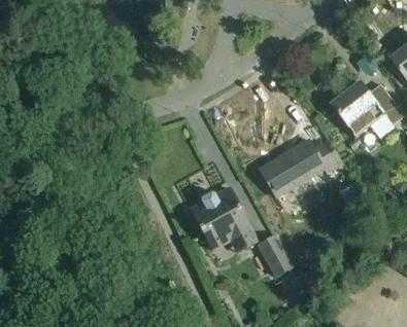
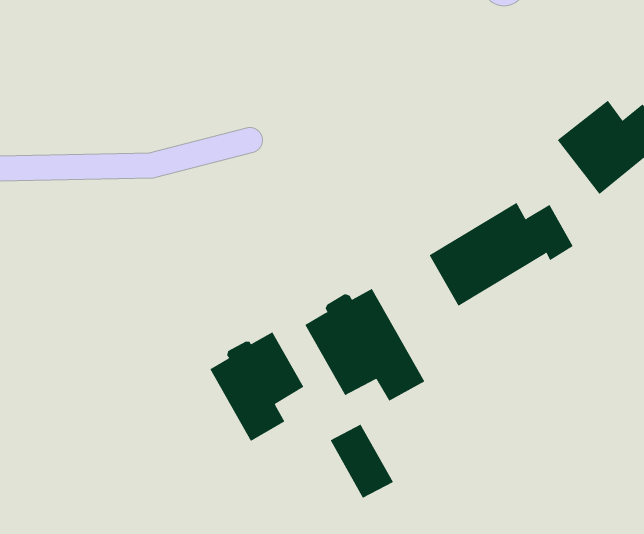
building: none -> [209,332,304,442]
building: [258,235,294,278] -> [330,424,394,499]

